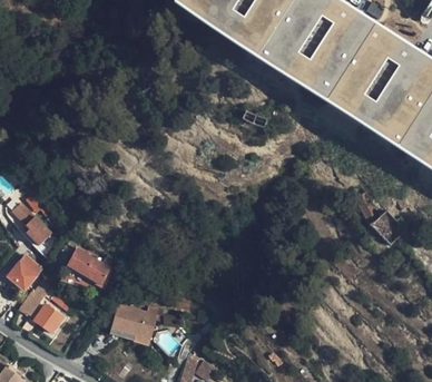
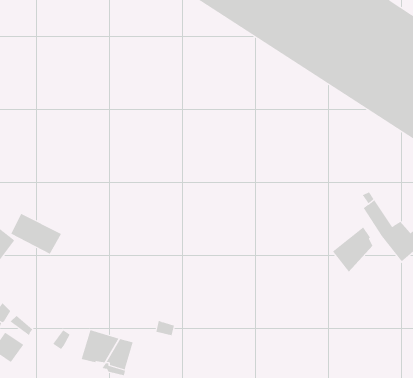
building: none -> [332,227,373,272]
building: [65,249,109,285] -> [10,213,62,254]

